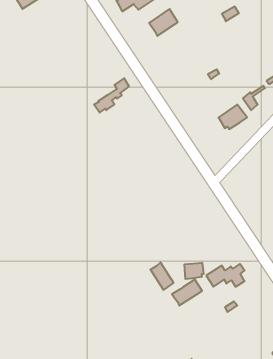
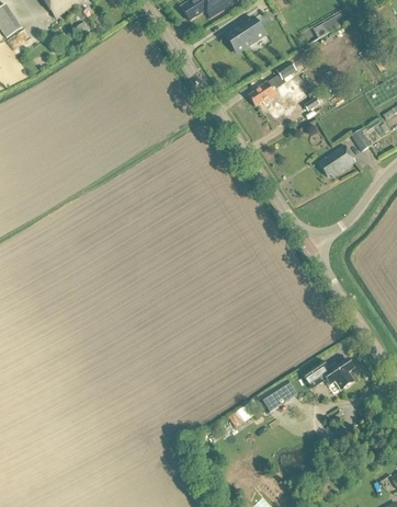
building: [94,78,129,113] -> [249,60,296,106]
building: [150,262,173,290] -> none
building: [185,263,204,279] -> none

